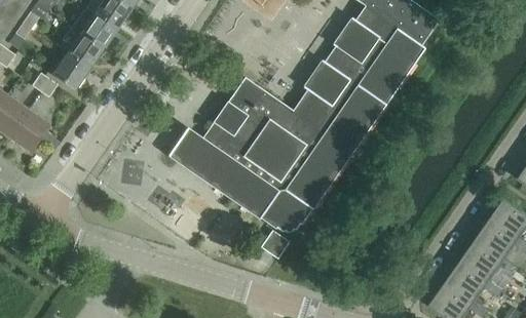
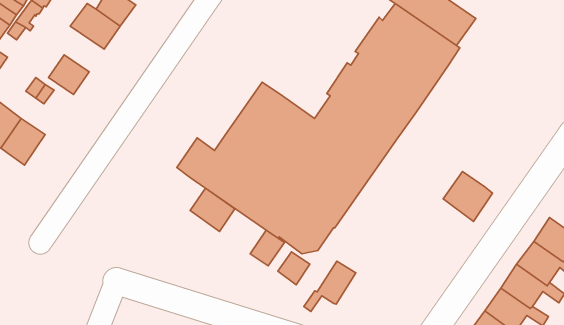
building: [59,28,103,69] -> none
building: none -> [443,171,493,222]
building: none -> [190,188,235,231]
building: none -> [250,230,284,266]
building: none -> [304,261,356,312]

